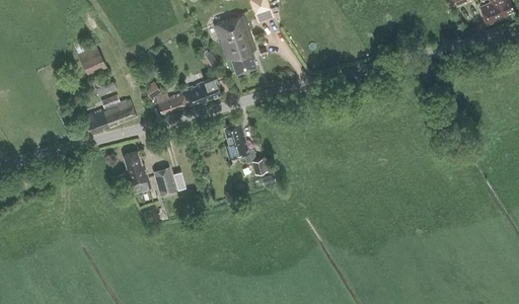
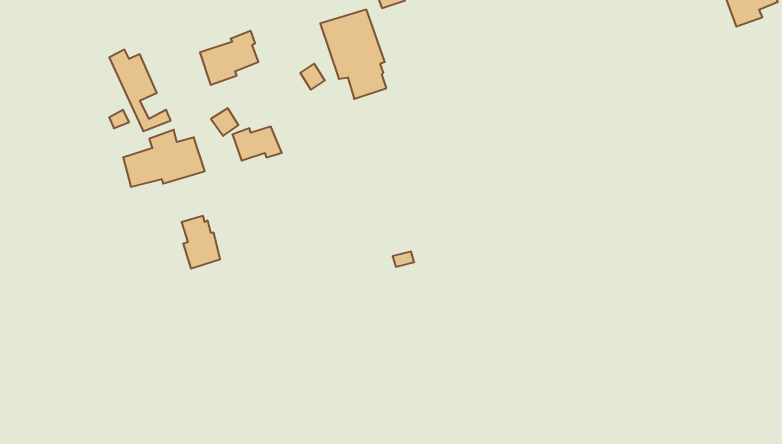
building: [182,76,221,111] -> [200,31,258,85]
building: [224,123,268,175] -> none
building: [153,167,176,195] -> none

